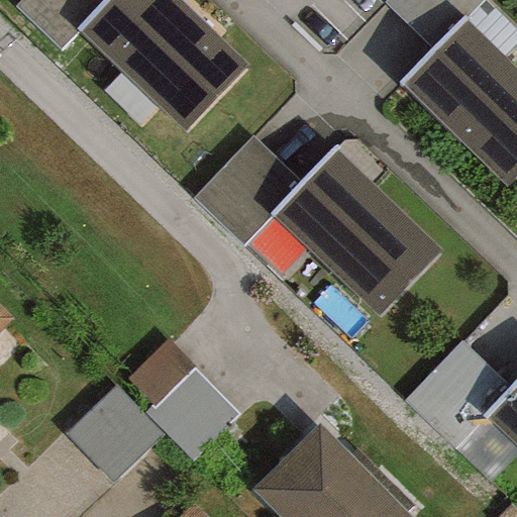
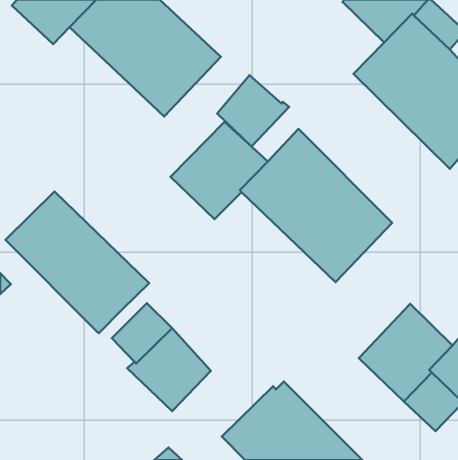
building: none -> [217,75,289,146]
building: none -> [6,191,149,333]
building: [67,386,165,484] -> none

